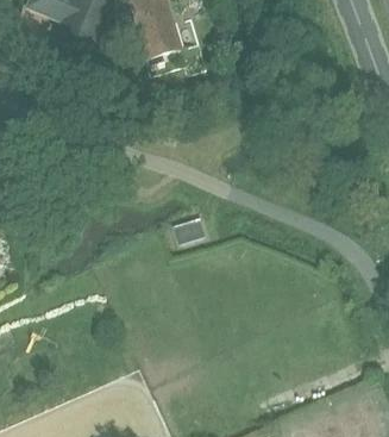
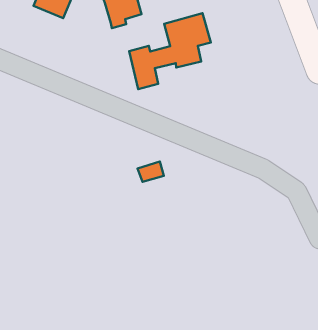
building: none -> [129,13,211,89]

